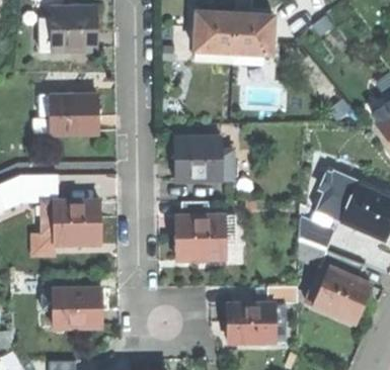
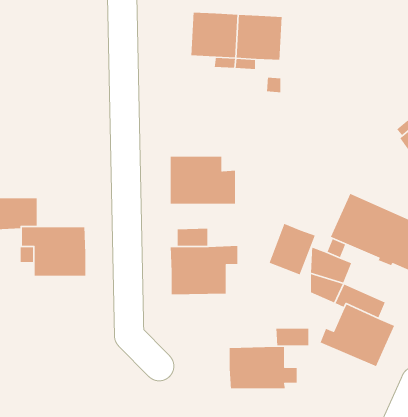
building: [42,6,98,50] -> none
building: [41,94,100,132] -> none
building: none -> [268,223,316,276]
building: [43,288,101,327] -> none

